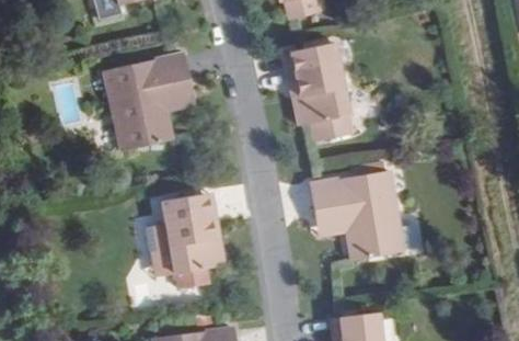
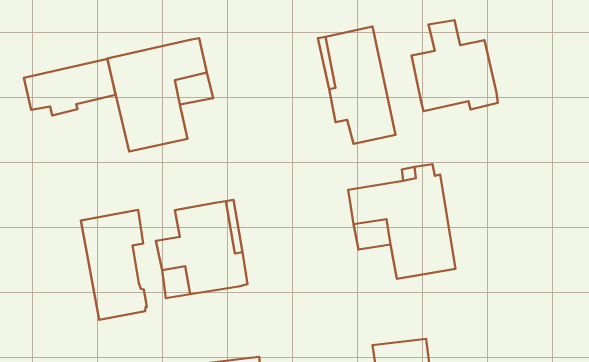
building: none -> [411,20,498,111]
building: none -> [24,59,115,115]
building: none -> [81,210,147,320]

